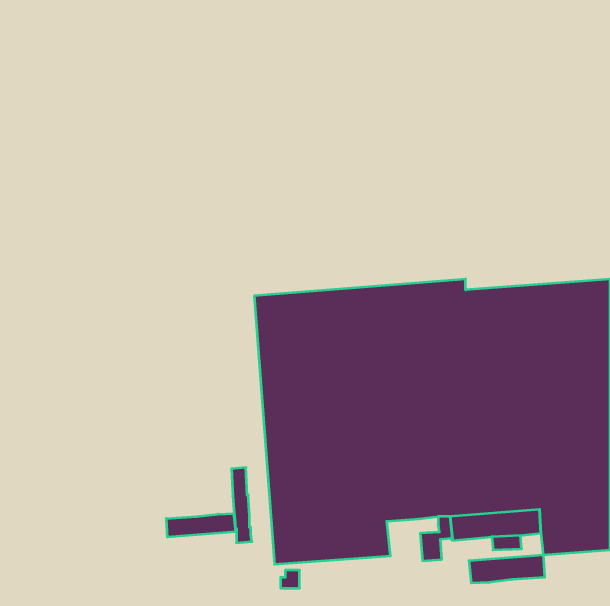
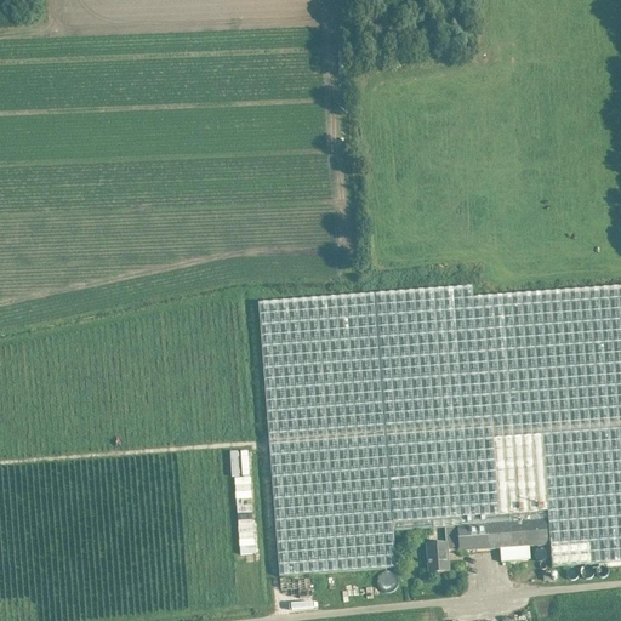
building: [166,513,236,537] -> none
building: [469,555,545,583] -> none

